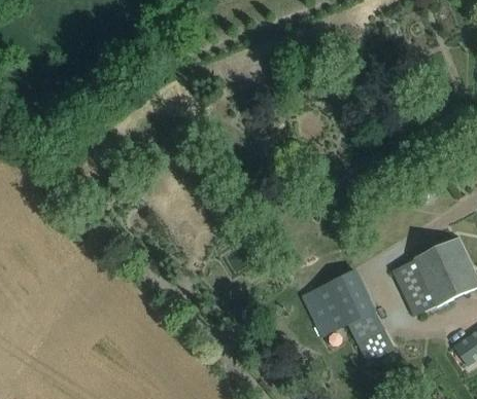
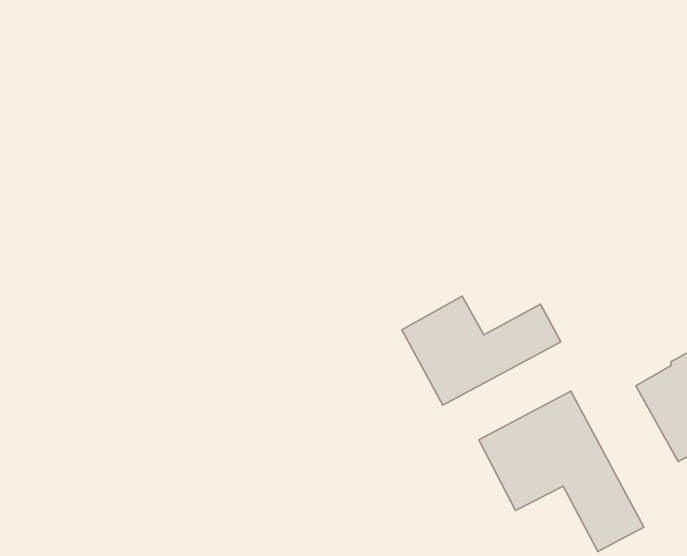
building: none -> [402,296,561,405]

